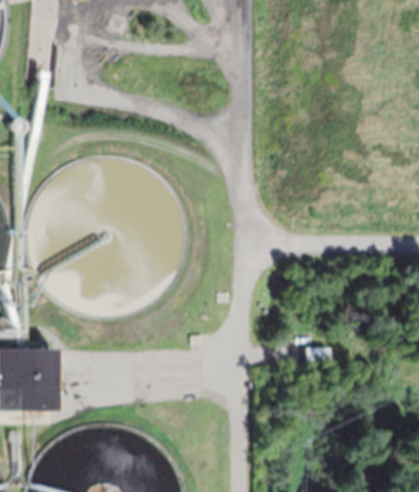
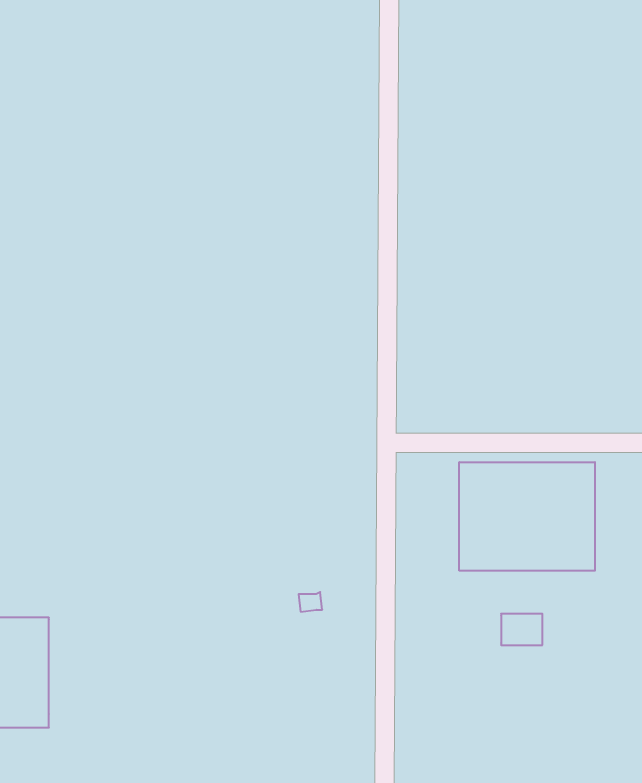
building: none -> [459,462,595,571]

